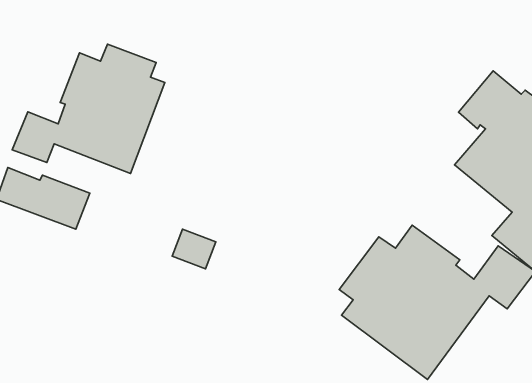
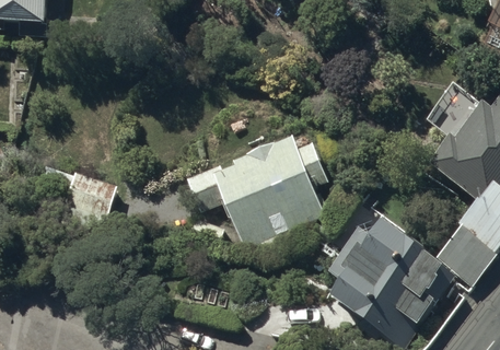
building: [12,44,165,173] -> none
building: none -> [185,137,326,247]

